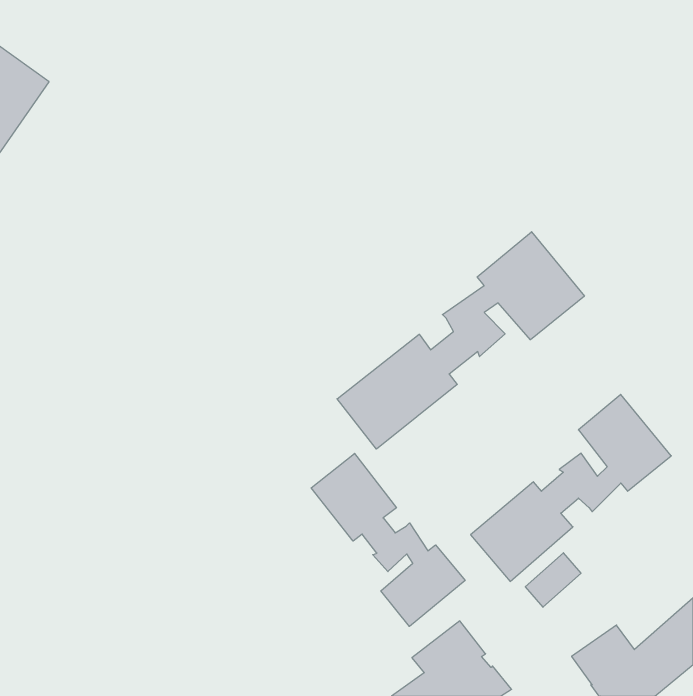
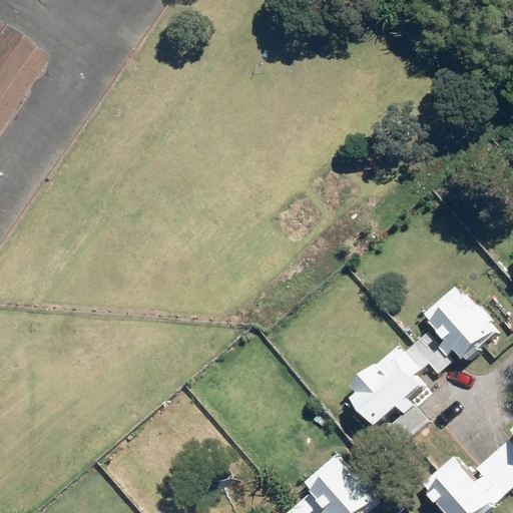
building: [337,232,584,449] -> none
building: [311,453,465,626] -> none

